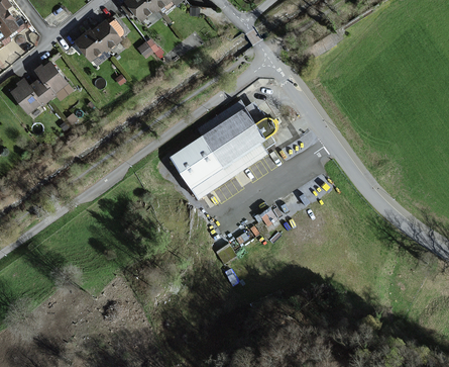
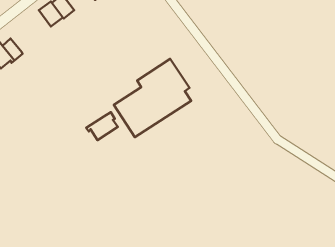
building: [35,62,68,92] -> none
building: none -> [86,112,118,140]

